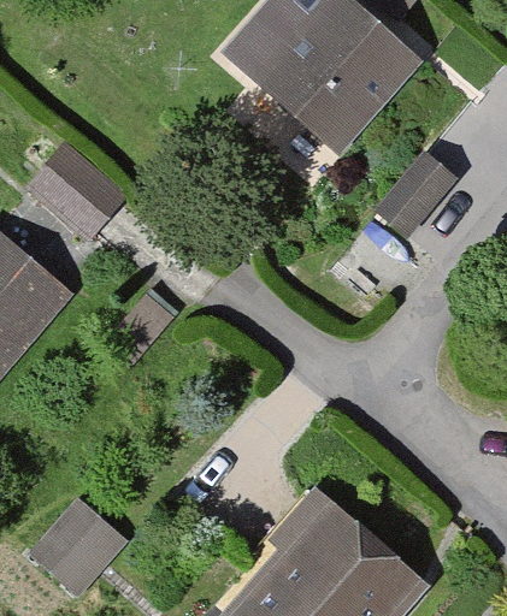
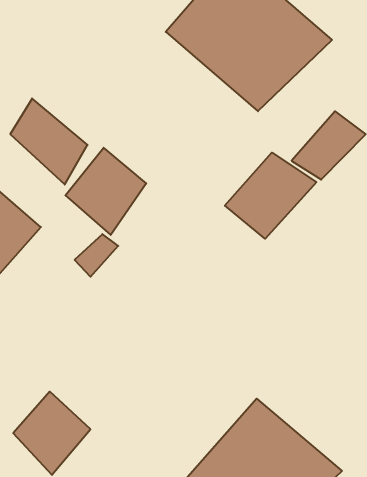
building: none -> [65,148,146,235]
building: none -> [225,153,316,239]

